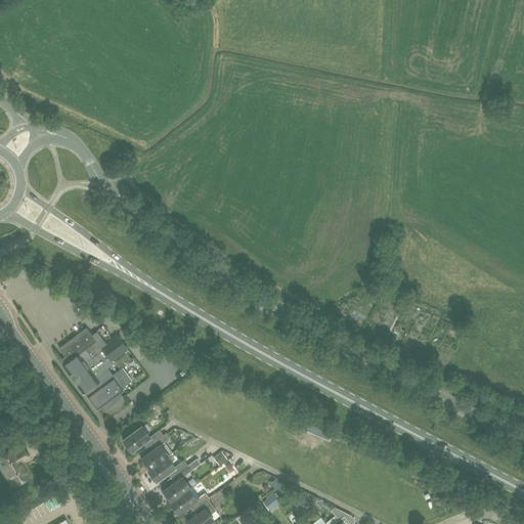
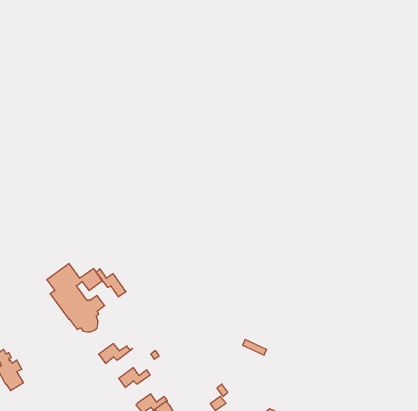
building: none -> [96,269,126,297]
building: [141,434,169,470] -> none
building: [163,467,190,501] -> none

